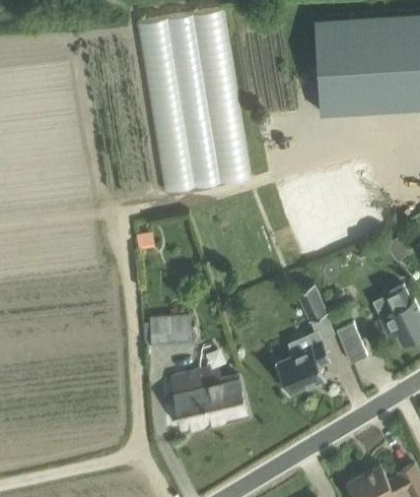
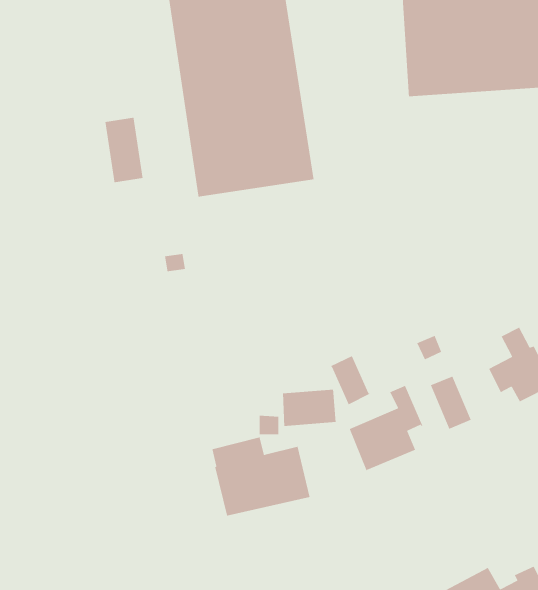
building: none -> [104,117,143,183]
building: [297,287,328,324] -> [330,355,370,405]
building: [150,318,191,347] -> [282,389,337,427]

